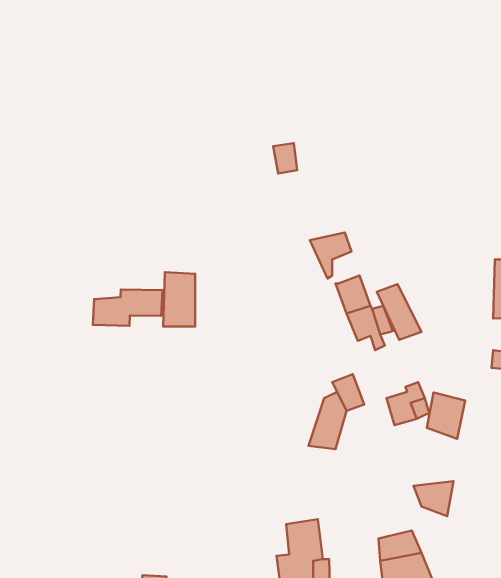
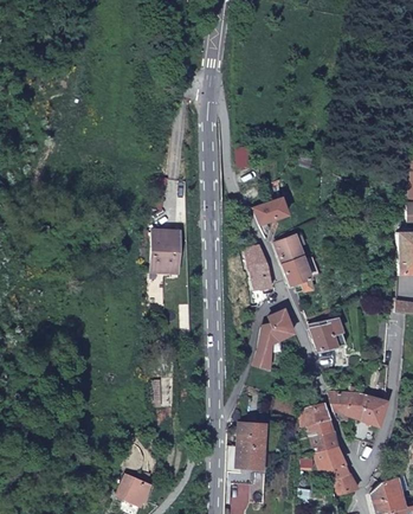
building: [377,284,421,340] -> [244,250,277,291]
building: [93,290,162,326] -> none
building: [427,393,465,439] -> [360,391,388,425]
building: none -> [297,399,334,435]

